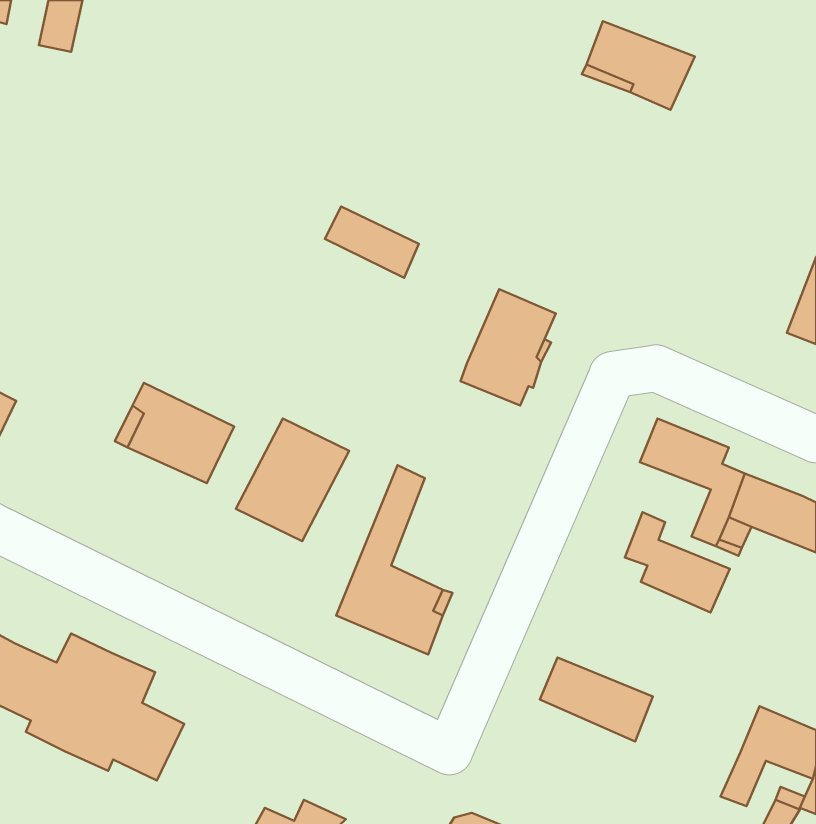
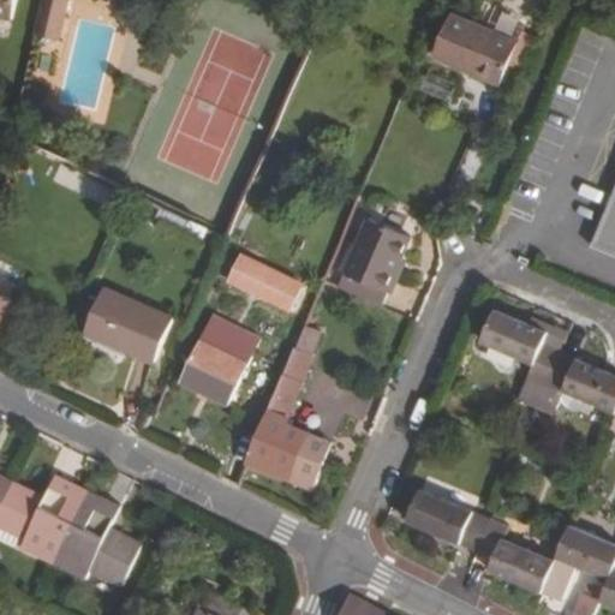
building: [325,207,419,278] -> [227,256,297,309]
building: [625,512,730,612] -> [472,519,550,593]

